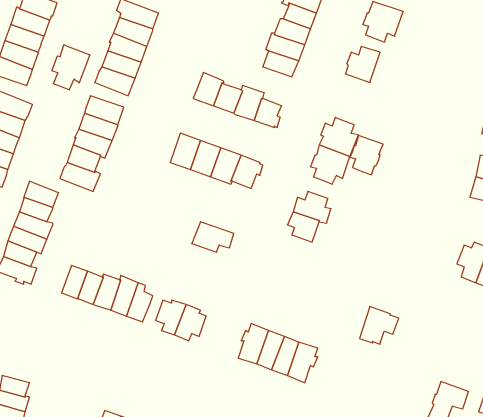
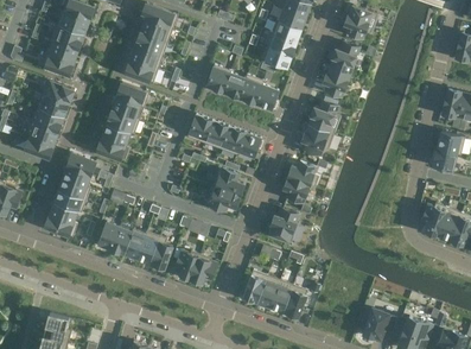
building: [52,45,90,90] -> none
building: [350,136,383,175] -> [322,65,349,97]
building: none -> [210,167,242,196]
building: none -> [267,209,297,242]
building: [360,307,399,344] -> [362,309,394,340]

